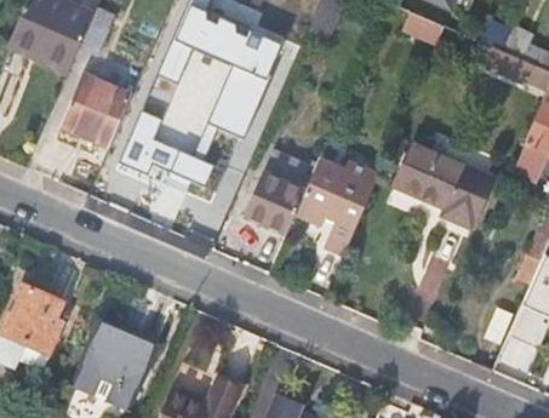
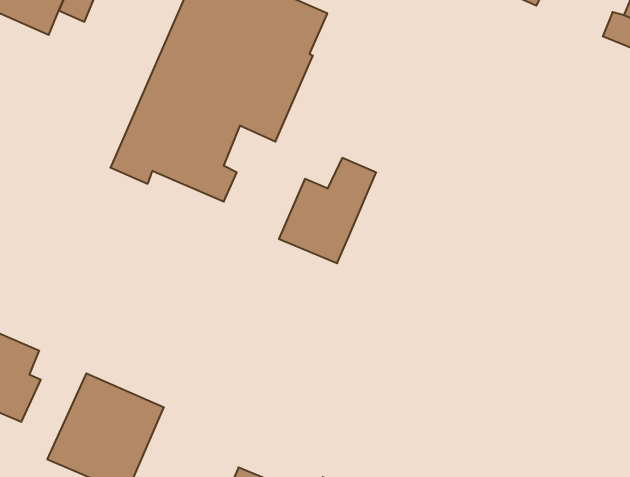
building: [59,71,132,147] -> none
building: [394,142,493,228] -> none
building: [296,159,378,256] -> none

